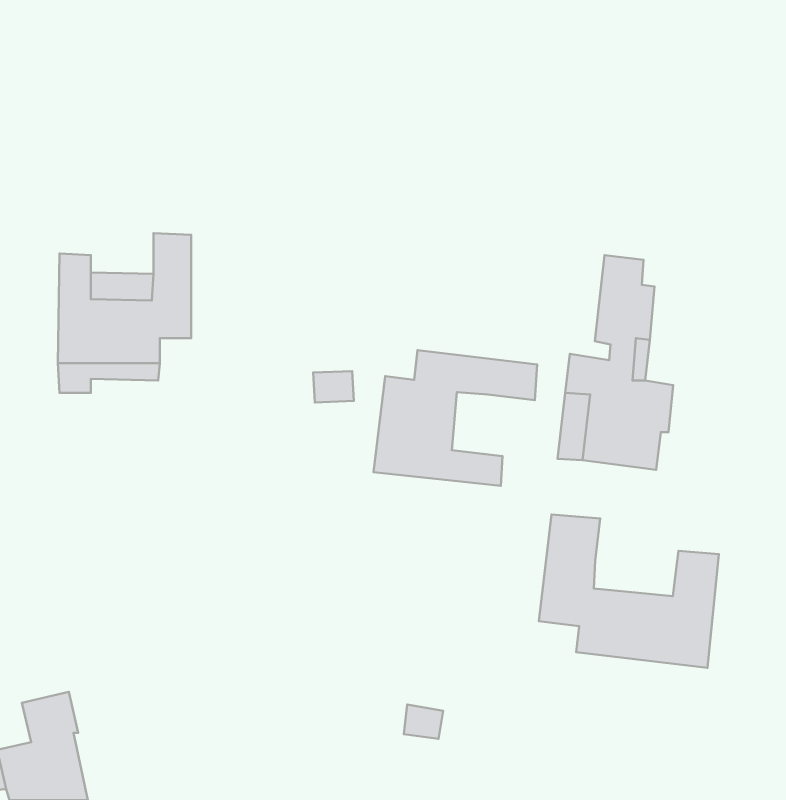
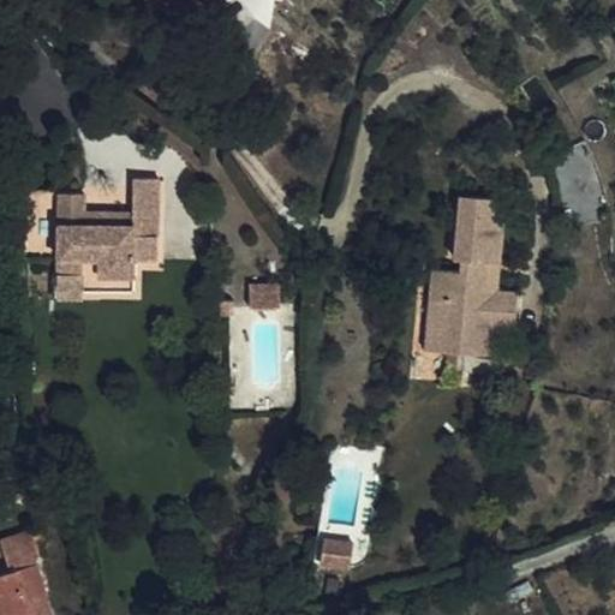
building: [374,350,537,486] -> none
building: [539,514,719,668] -> none

